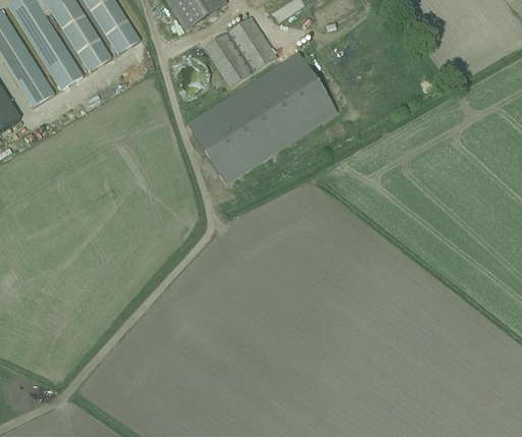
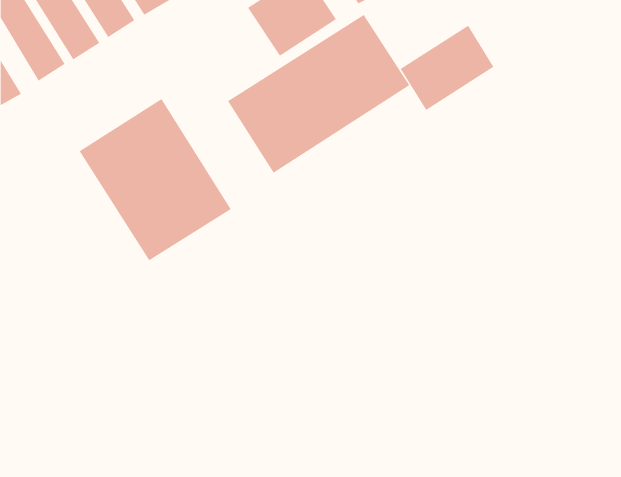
building: none -> [400,25,494,111]
building: none -> [79,98,231,261]

